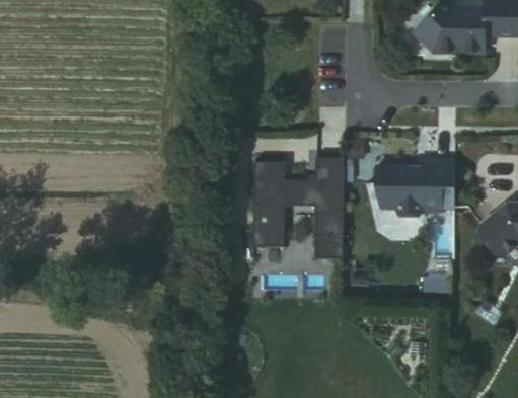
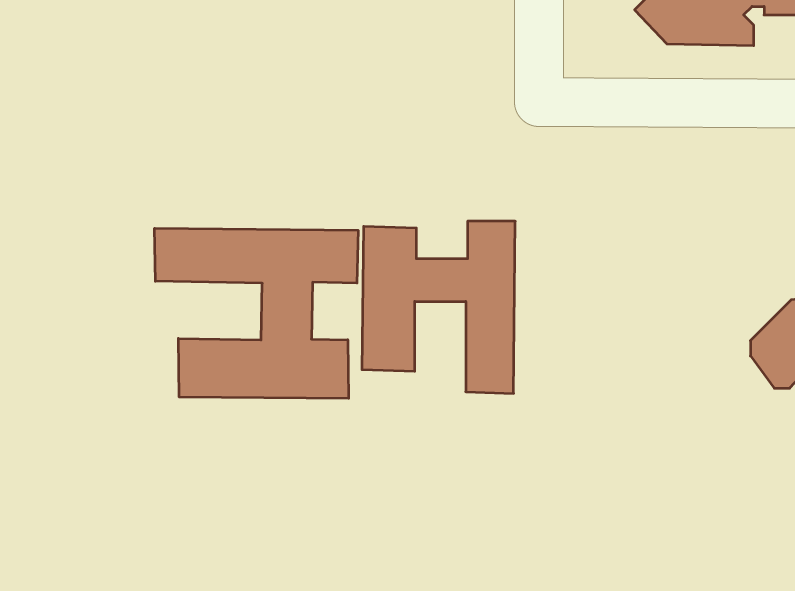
building: [376,161,455,218] -> none
building: none -> [155,228,358,398]

